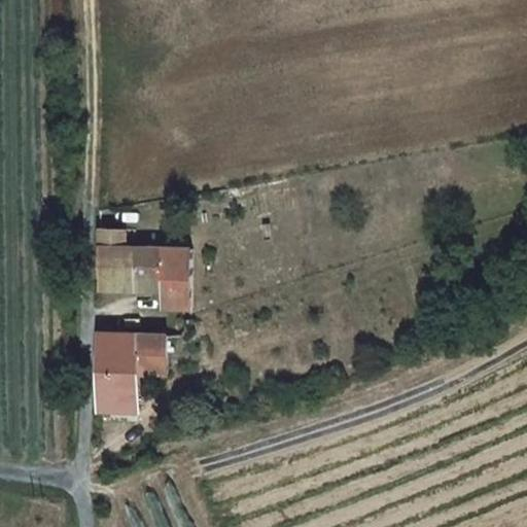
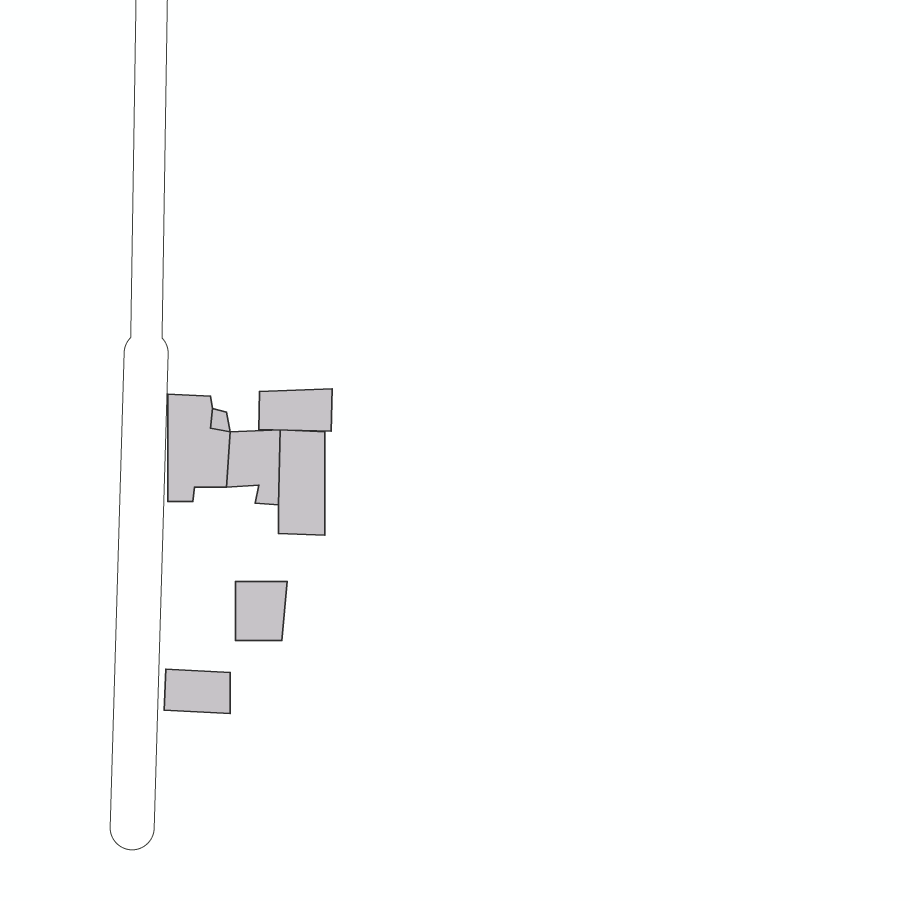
building: none -> [259,389,332,431]
building: [96,335,136,388] -> none

